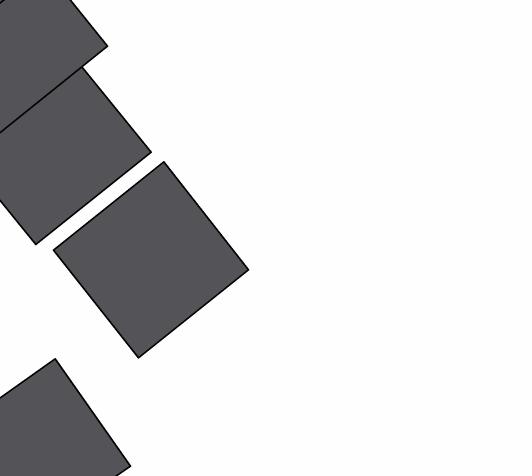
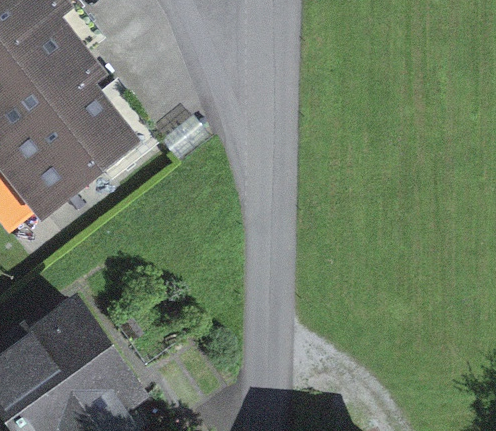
building: [54,162,249,358] -> none

